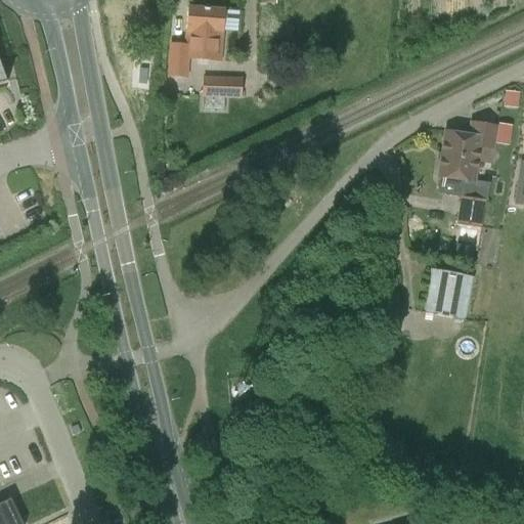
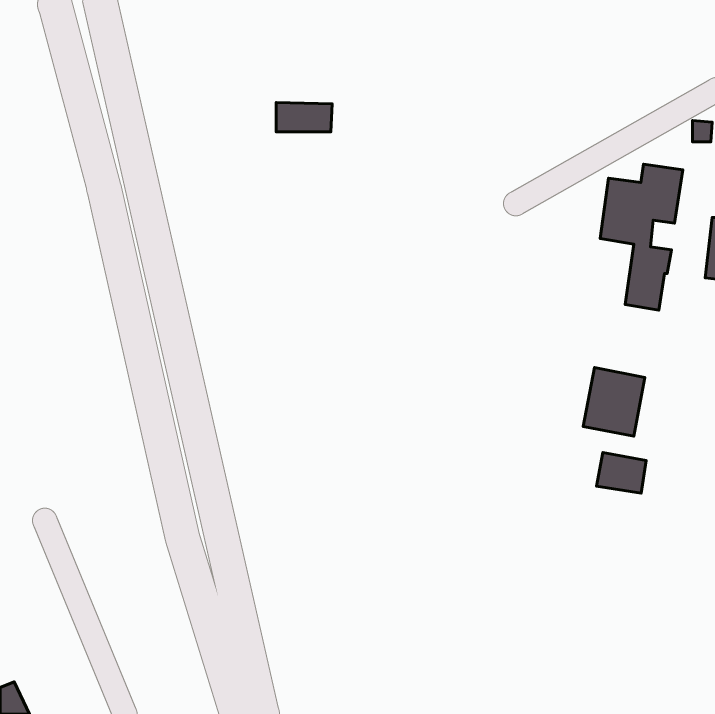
building: [168,6,225,77] -> none
building: none -> [597,452,646,493]

